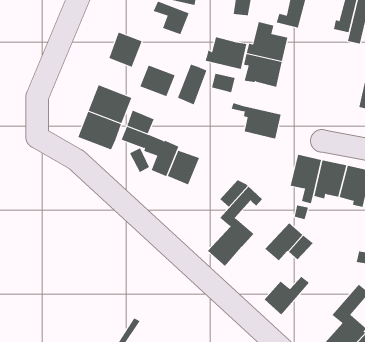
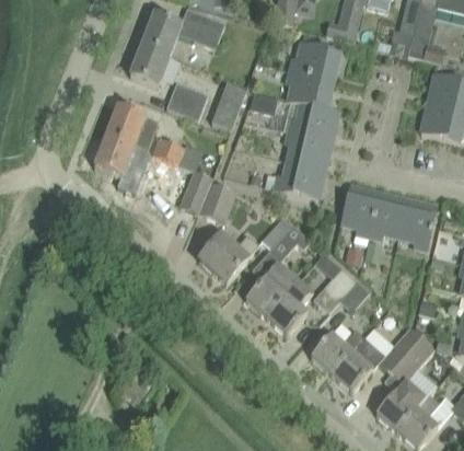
building: none -> [141,13,182,55]
building: [205,36,247,69] -> [289,102,338,140]
building: none -> [266,160,325,198]
building: none -> [199,234,258,282]
building: none -> [266,279,313,335]
building: none -> [332,326,421,392]

